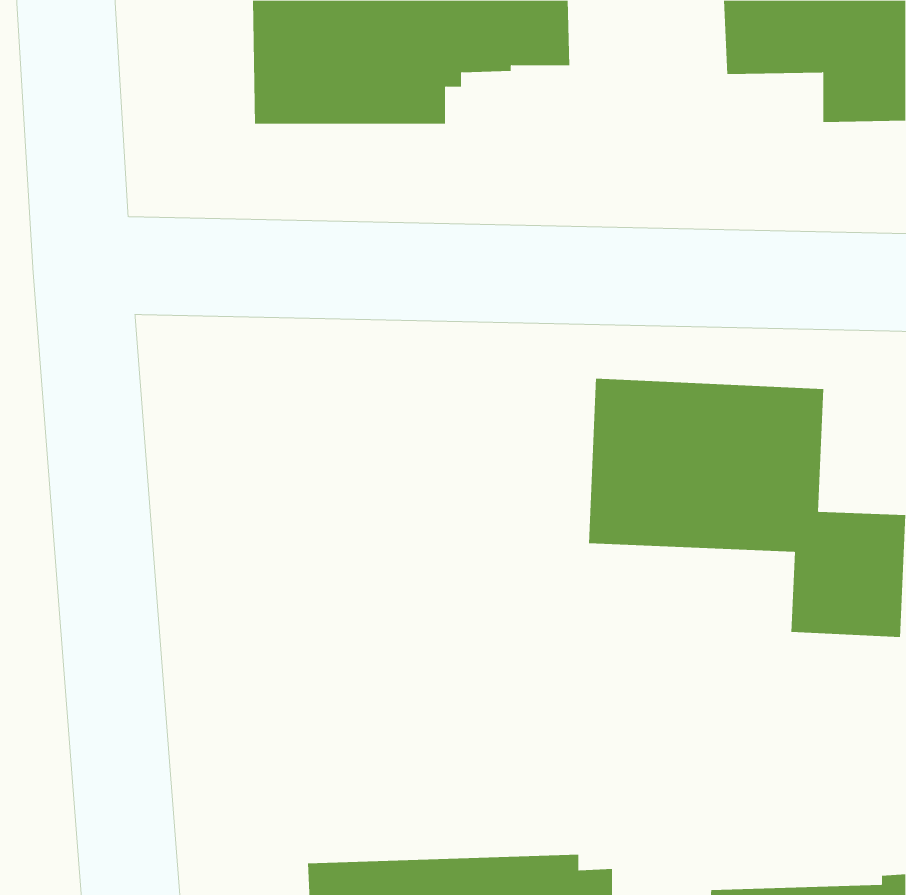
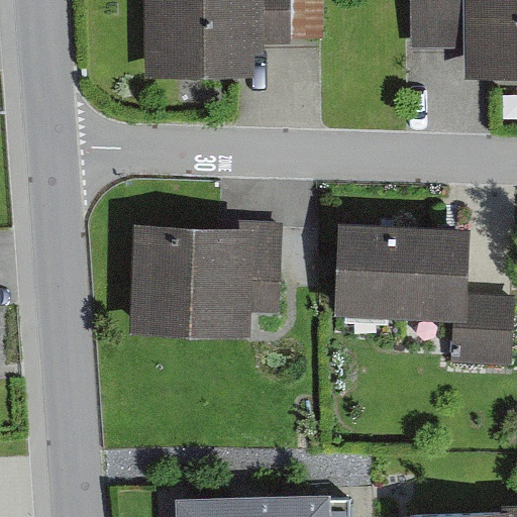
building: none -> [130,223,282,337]

